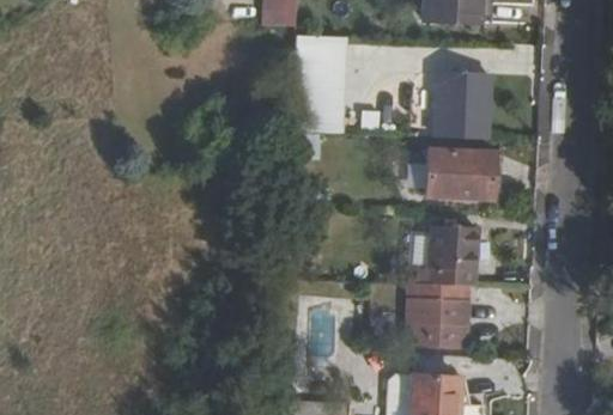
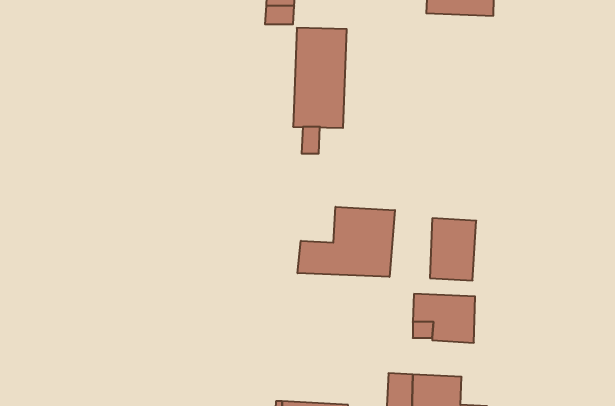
building: [436,68,486,136] -> none
building: [426,148,493,197] -> none
building: none -> [298,207,395,277]

